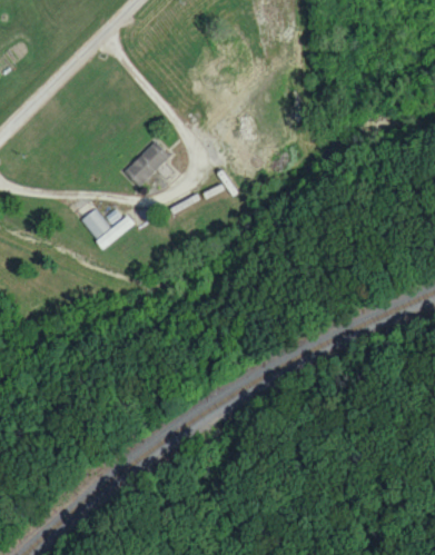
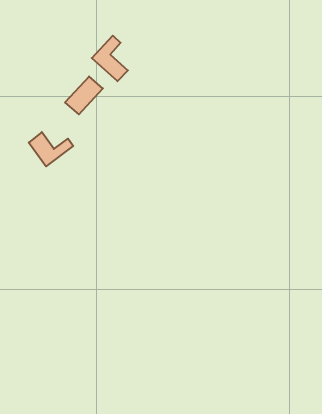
building: none -> [92,36,128,81]

